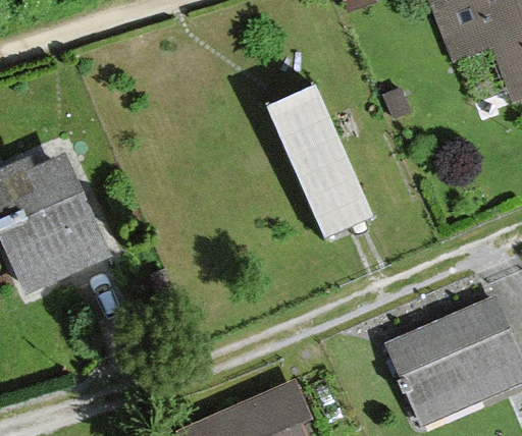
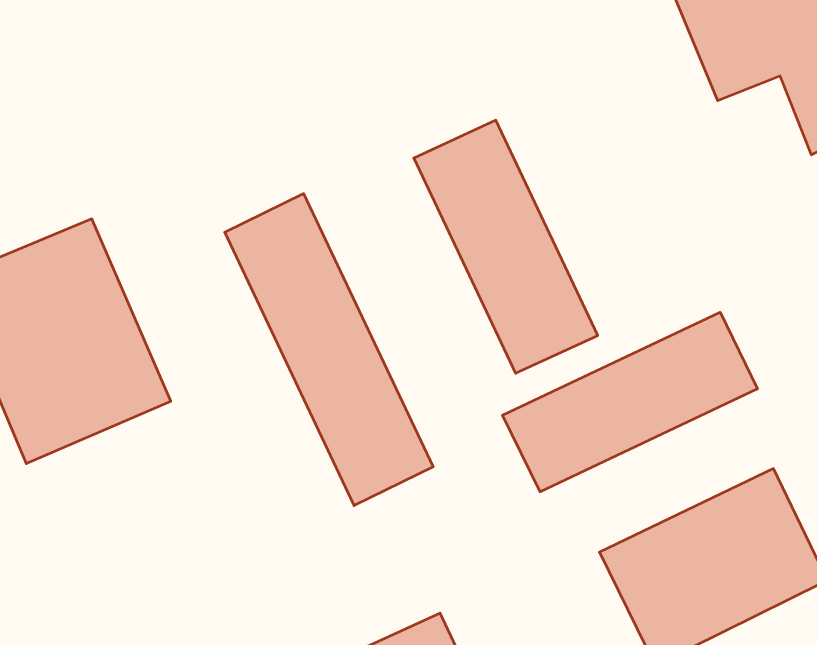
building: none -> [225,194,433,506]
building: none -> [503,312,757,492]

